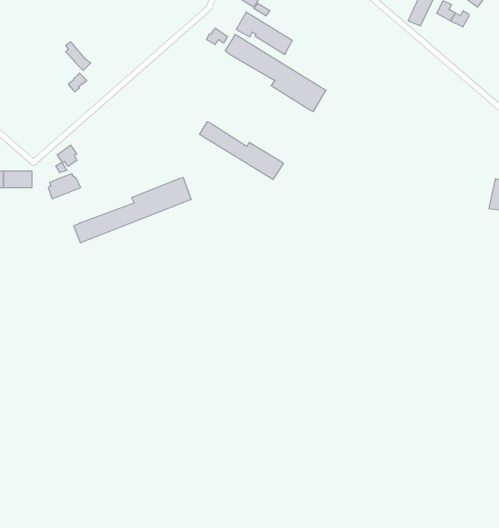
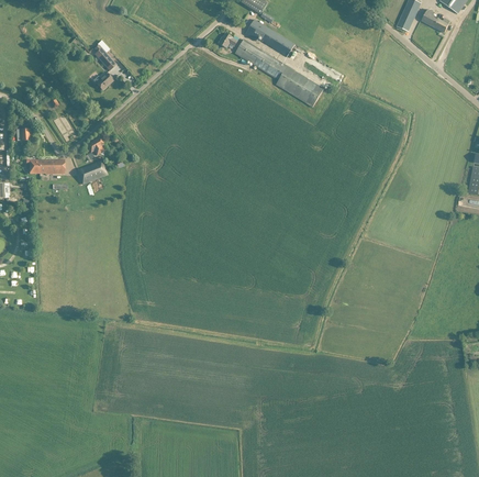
building: [200,122,283,180] -> none
building: [74,177,191,243] -> none

